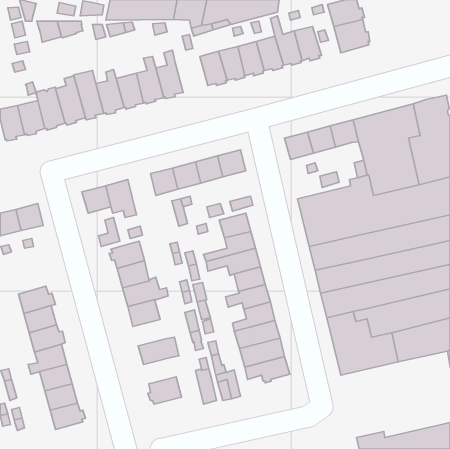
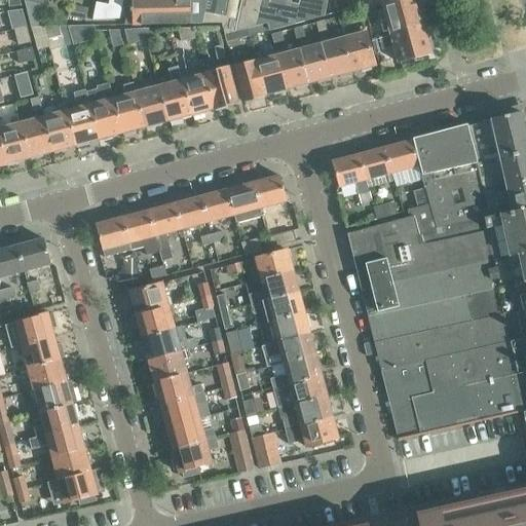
building: none -> [204,67,237,110]
building: none -> [149,202,182,260]
building: none -> [15,311,57,343]
building: none -> [155,373,203,404]
building: none -> [162,417,216,448]

